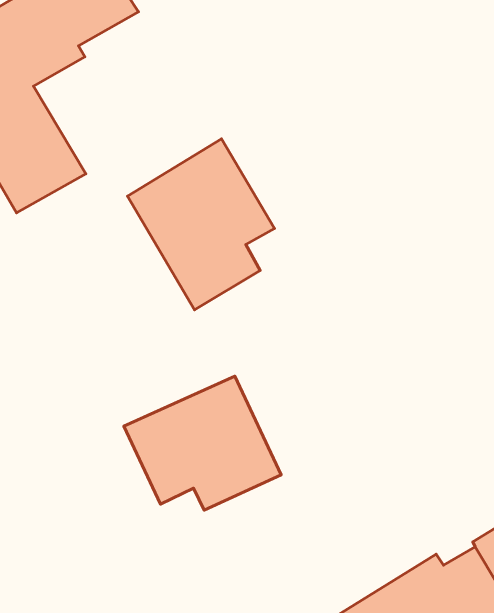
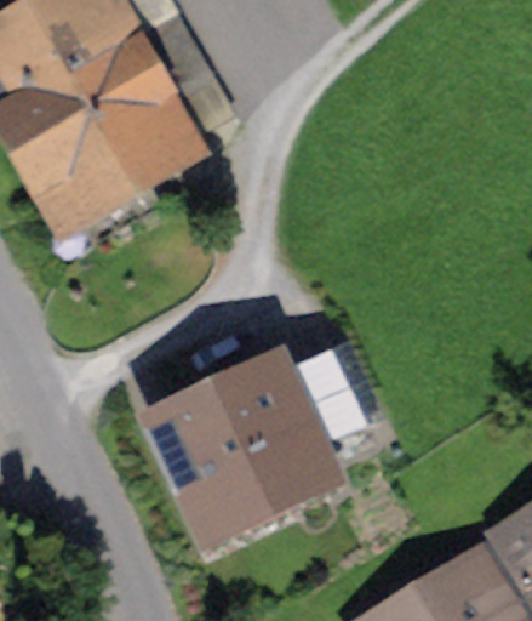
building: none -> [74,17,214,178]
building: [127,139,275,310] -> none

